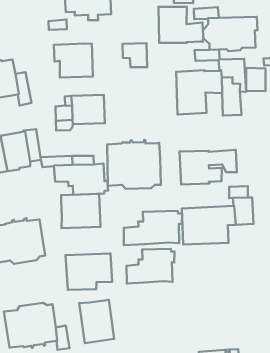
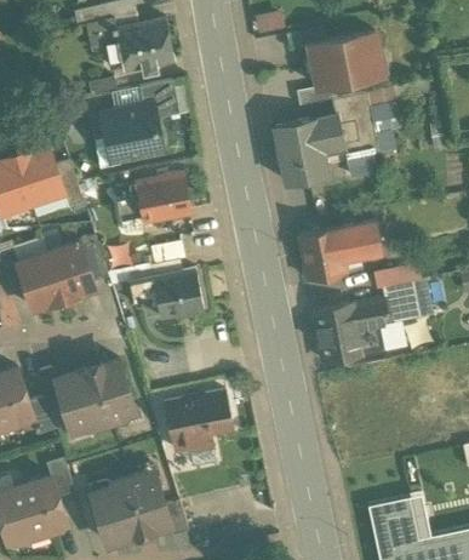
building: [158,7,203,43] -> none
building: [123,43,147,67] -> [141,82,179,119]
building: [107,140,161,189] -> none
building: [61,194,100,228] -> none
building: [124,211,182,245] -> none
building: [127,249,175,283] -> none
building: [79,300,114,343] -> none

